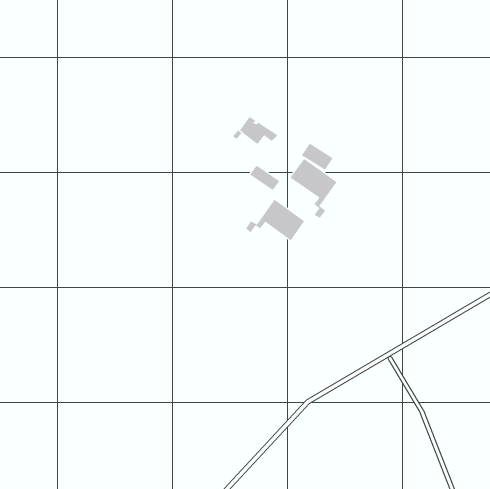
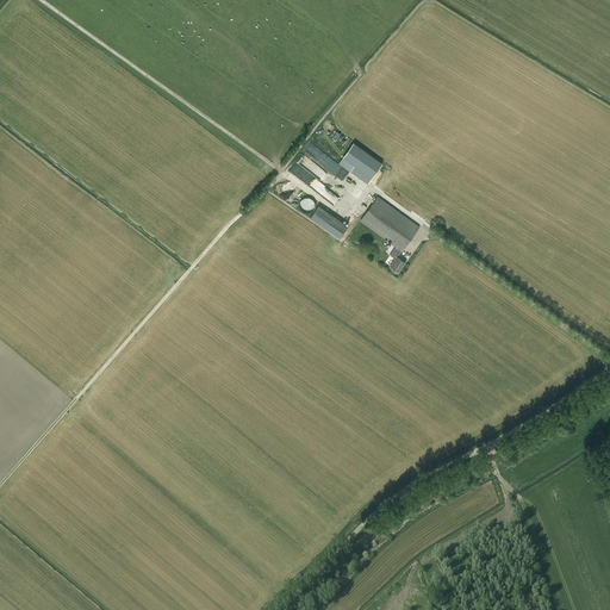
building: [301,143,333,171] -> [344,143,385,178]
building: [245,199,305,241] -> none

